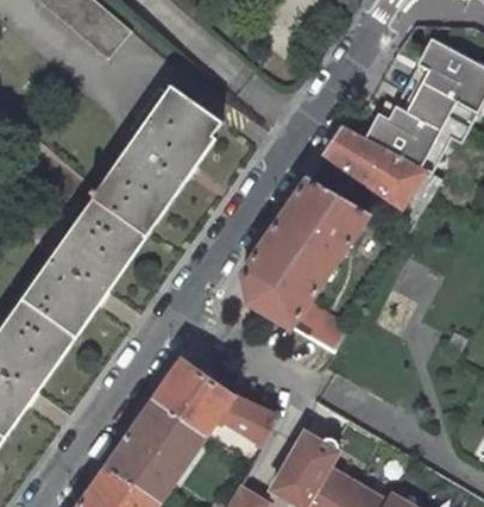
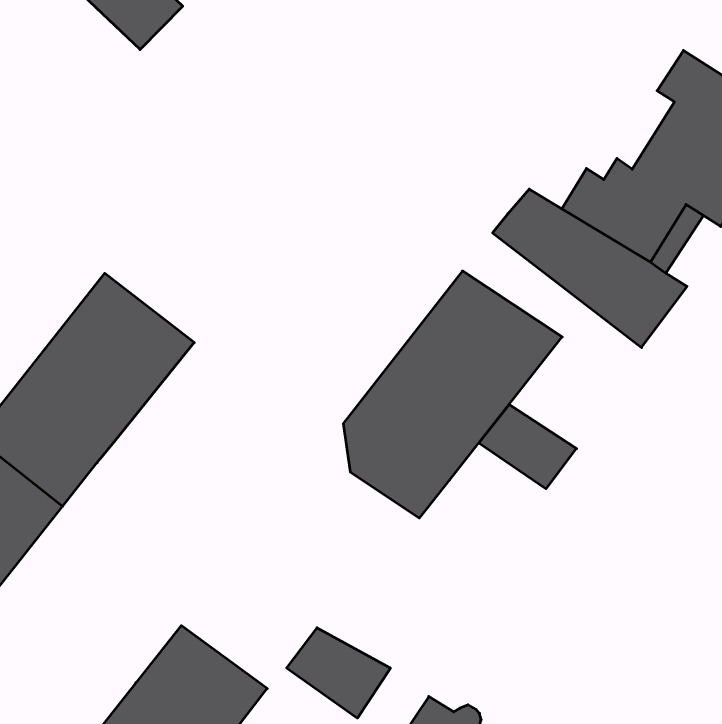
building: [94,84,225,230] -> none
building: [290,302,348,351] -> [479,405,577,489]
building: [152,358,233,433] -> none

